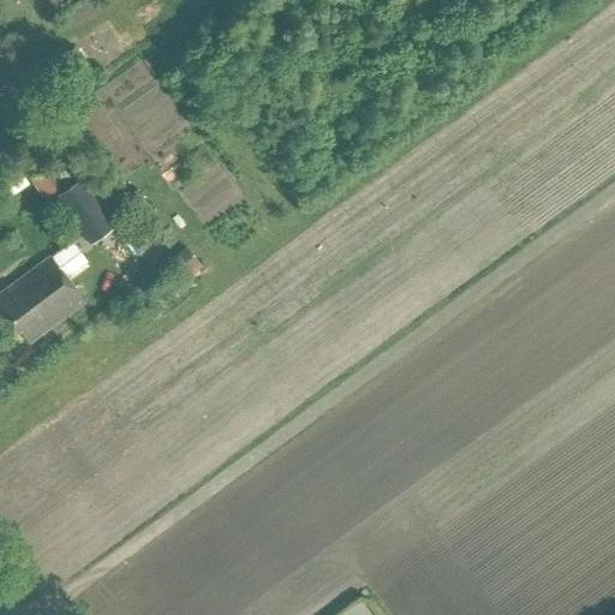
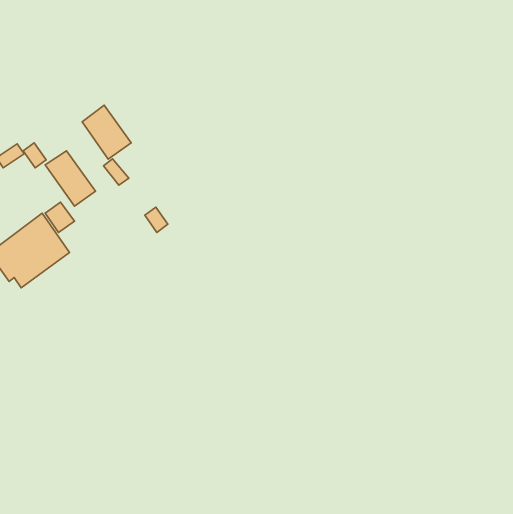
building: none -> [82,105,131,159]

